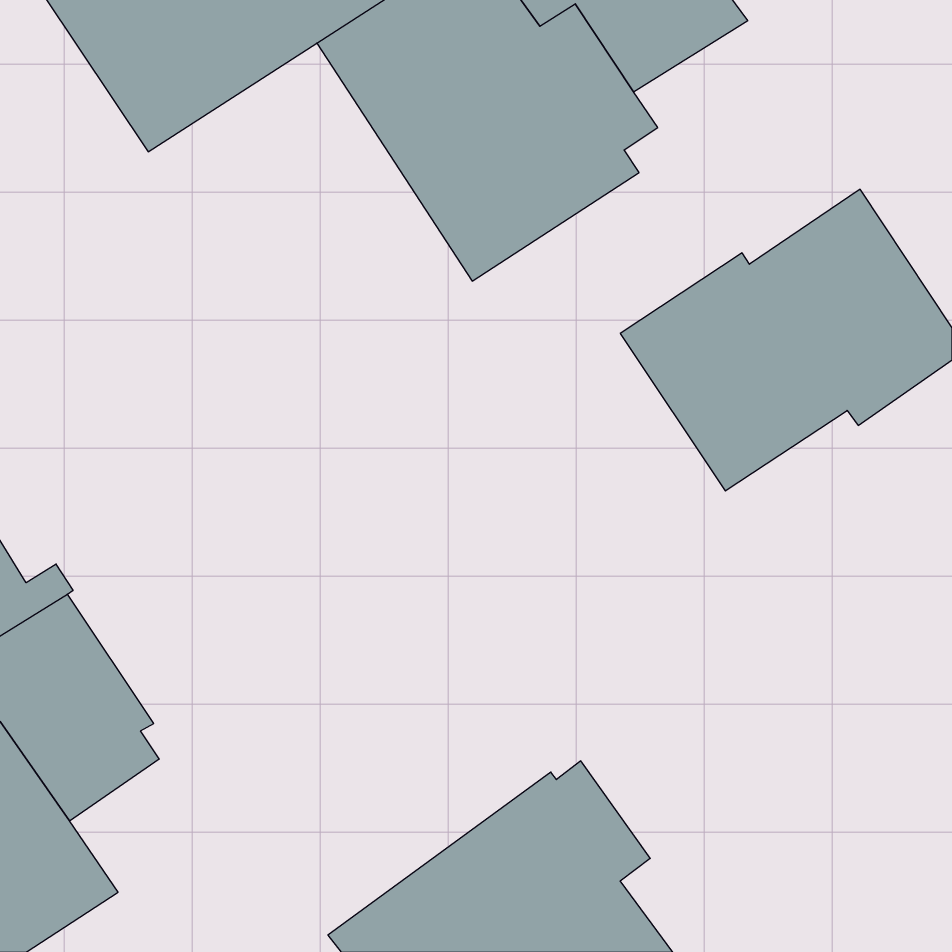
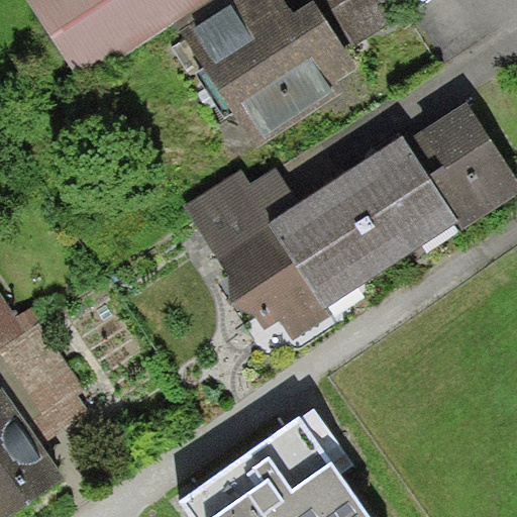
building: none -> [184,166,391,339]

